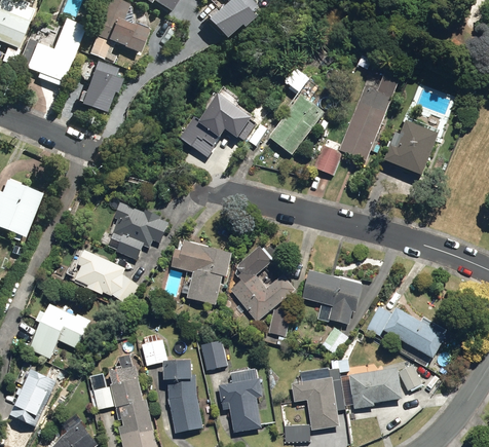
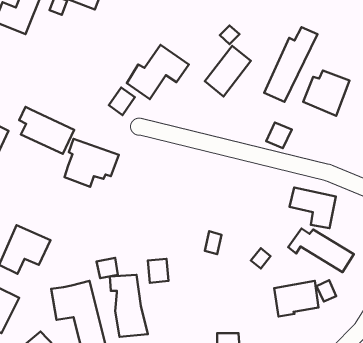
building: [82,62,122,112] -> none
building: none -> [109,87,135,115]
building: [312,145,342,175] -> [266,122,292,148]
building: [170,240,230,304] -> none
building: [229,247,295,322] -> none
building: [76,248,140,302] -> [19,107,74,154]
building: [304,276,358,324] -> [290,187,336,228]
building: [291,367,344,431] -> none
building: [217,379,261,433] -> none

